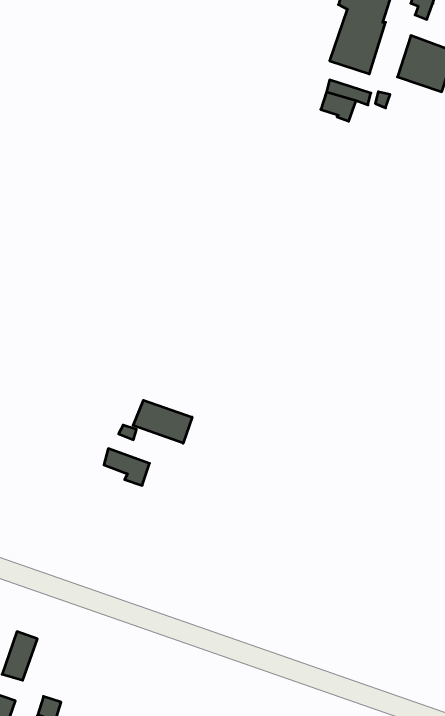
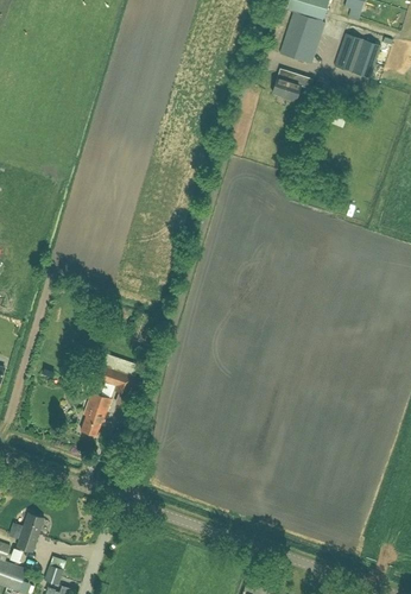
building: [133,400,192,443] -> none
building: none -> [81,392,112,435]

